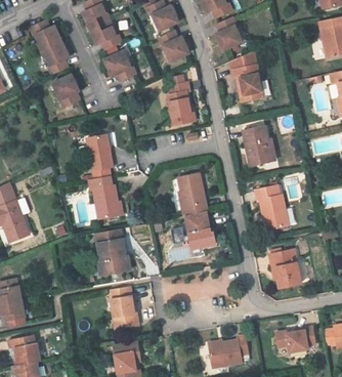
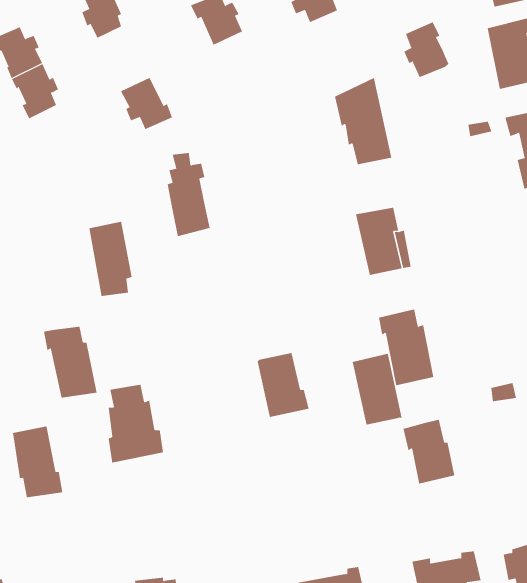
building: [215,17,242,50] -> [403,22,449,78]
building: [91,20,121,49] -> none
building: [158,31,187,62] -> none
building: [51,76,79,108] -> none
building: [167,77,193,126] -> [167,153,211,237]
building: [177,173,207,215] -> [352,353,403,425]
building: [88,176,120,218] -> [43,326,98,398]
building: [109,286,138,328] -> [12,426,63,498]

